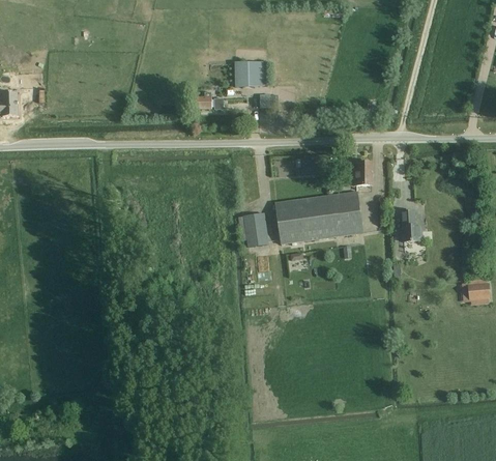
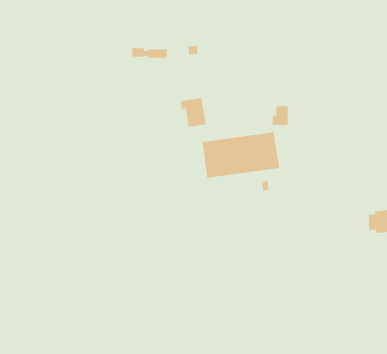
building: [234,61,264,87] -> none
building: [403,210,421,241] -> none
building: [239,212,269,247] -> [180,97,206,128]

